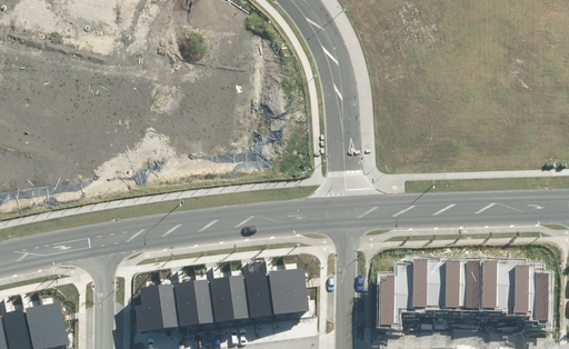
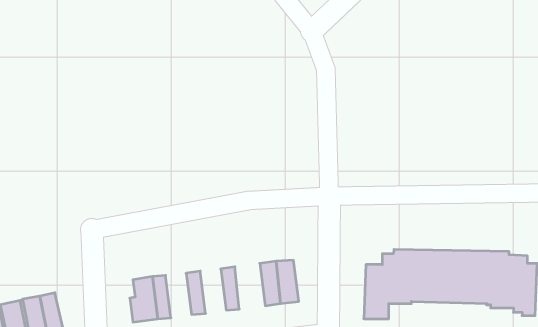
building: [243,271,269,318] -> none
building: [208,277,232,322] -> none
building: [172,281,197,327] -> none

